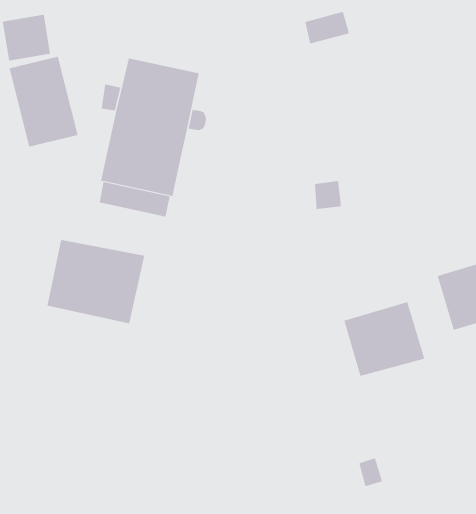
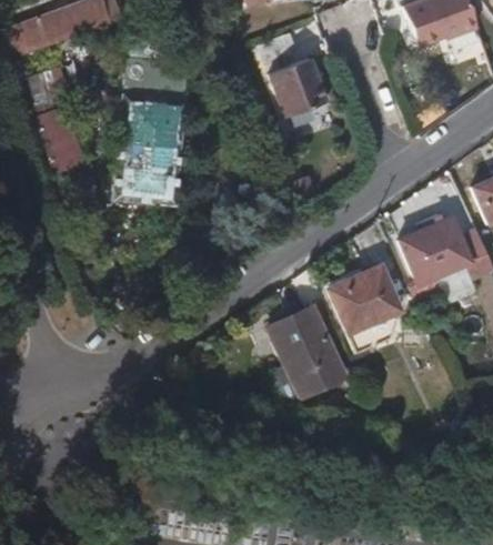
building: none -> [273,58,330,117]
building: [47,239,145,324] -> none
building: none -> [272,307,345,396]

